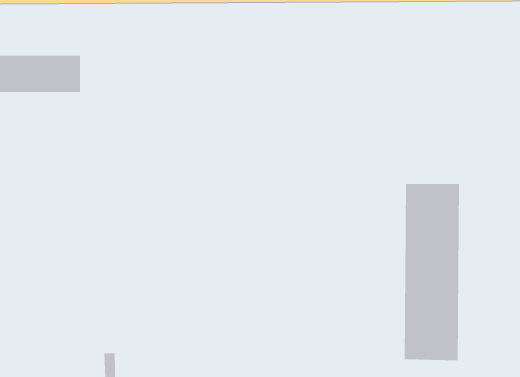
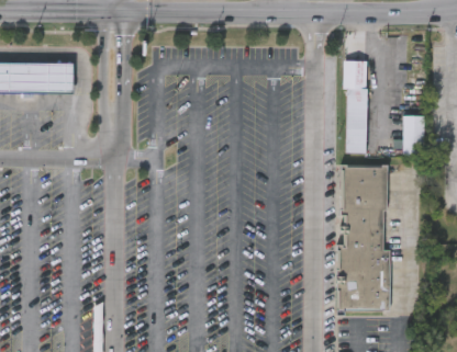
building: none -> [343,50,366,154]
building: none -> [402,116,424,157]

